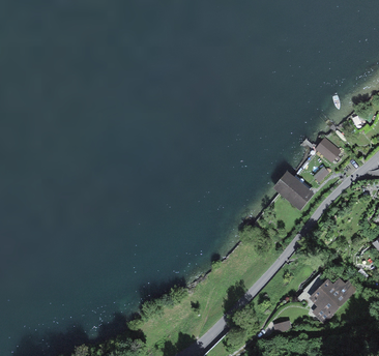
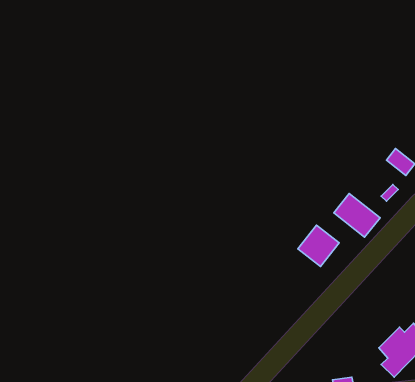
building: none -> [298,225,339,266]

